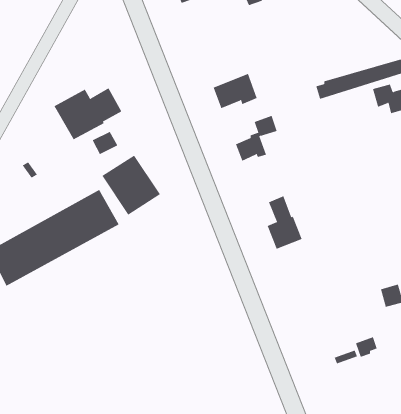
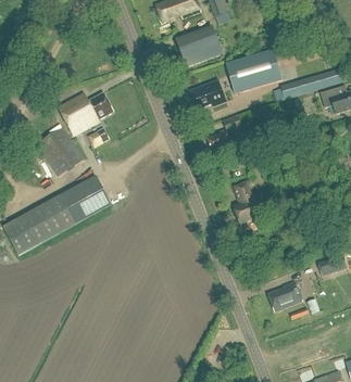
building: none -> [177,25,223,67]
building: none -> [225,49,281,93]
building: [102,155,161,215] -> [36,126,85,176]
building: none -> [266,280,302,311]

